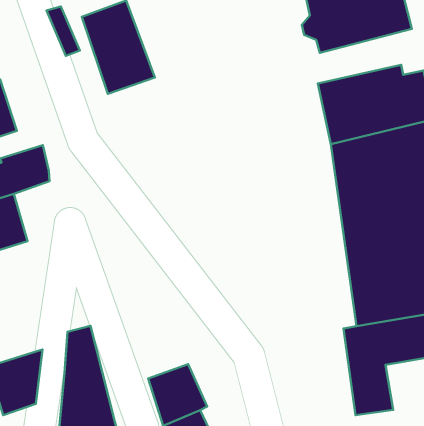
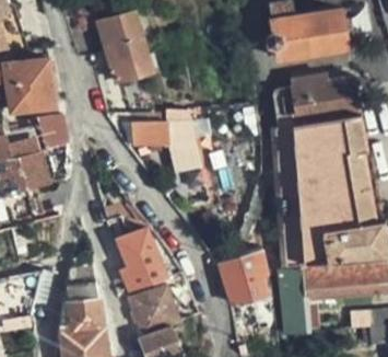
building: none -> [131,122,203,197]
building: none -> [110,216,164,291]
building: none -> [222,251,274,304]

